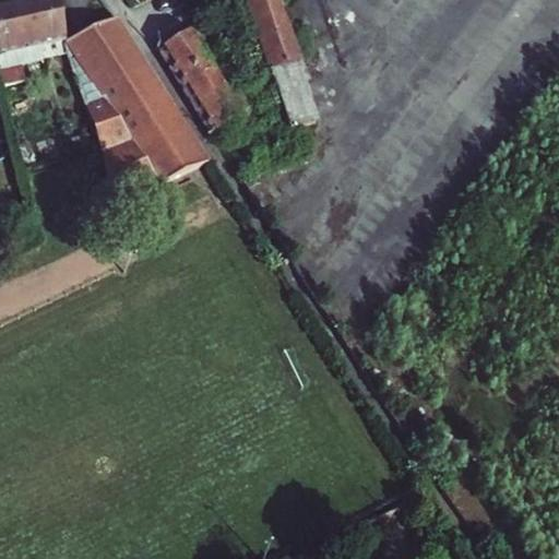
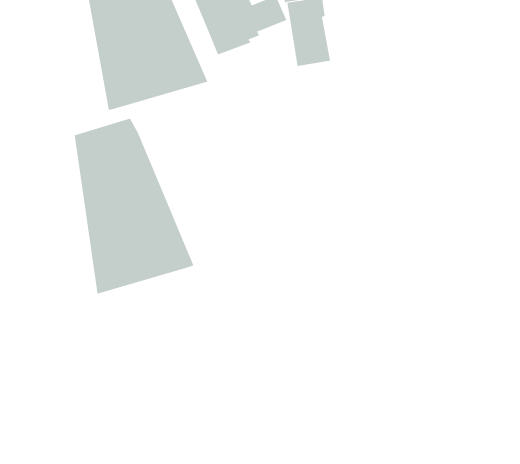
building: none -> [74,118,194,294]

